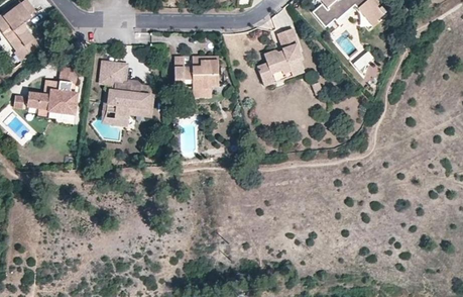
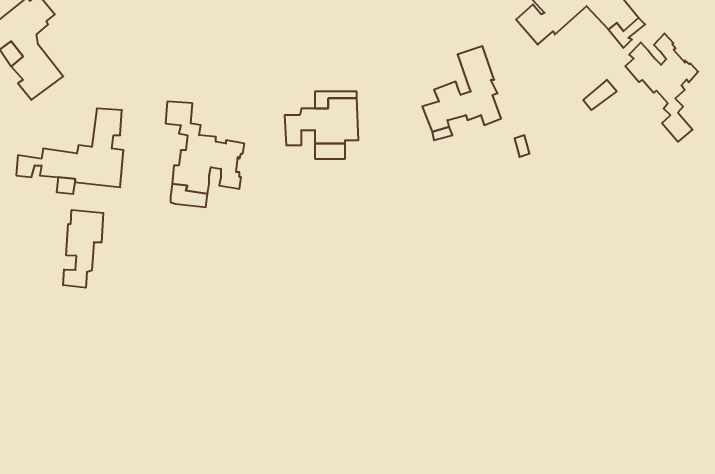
building: none -> [625,33,698,142]
building: none -> [63,210,103,288]

